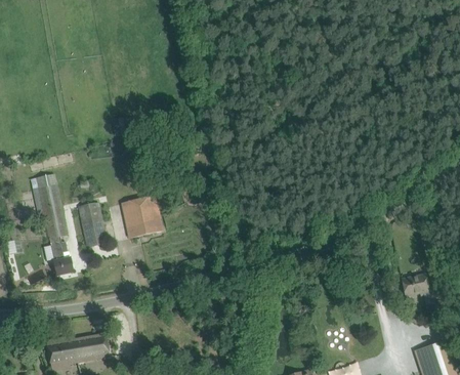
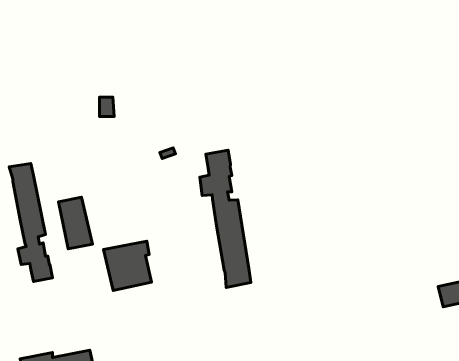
building: none -> [200,150,251,287]
building: [122,197,163,239] -> [103,241,152,291]

